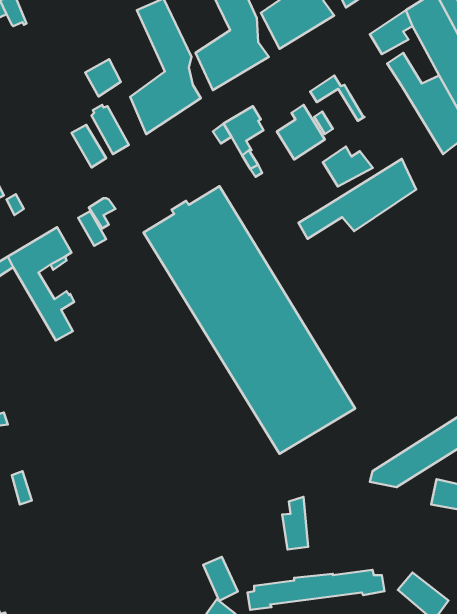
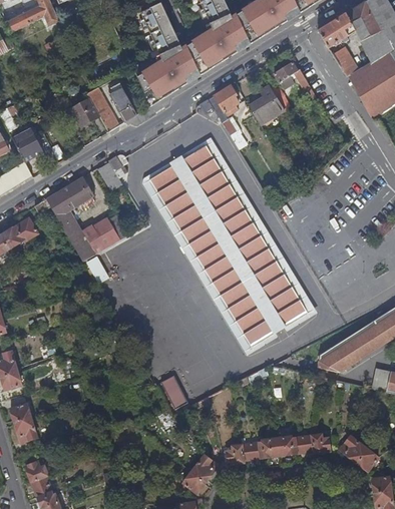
building: [85,59,121,96] -> [72,98,99,126]
building: [323,146,373,186] -> none
building: [299,159,416,239] -> none
building: none -> [86,218,120,253]
building: [282,497,308,549] -> none
building: [203,557,238,601] -> [160,374,186,407]

